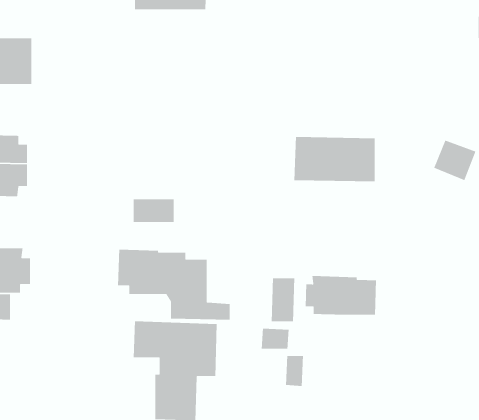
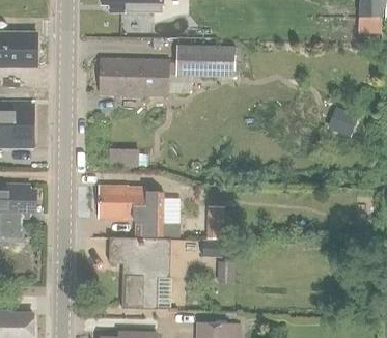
building: none -> [99,58,168,94]
building: [294,136,376,182] -> [175,44,234,77]
building: [305,275,377,316] -> none

